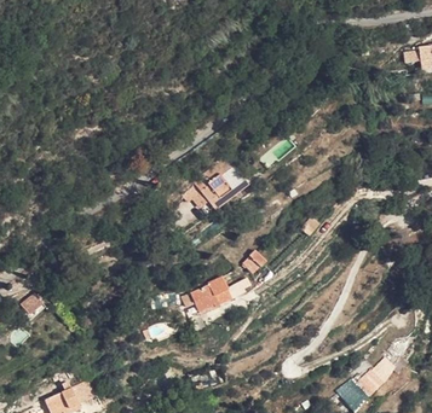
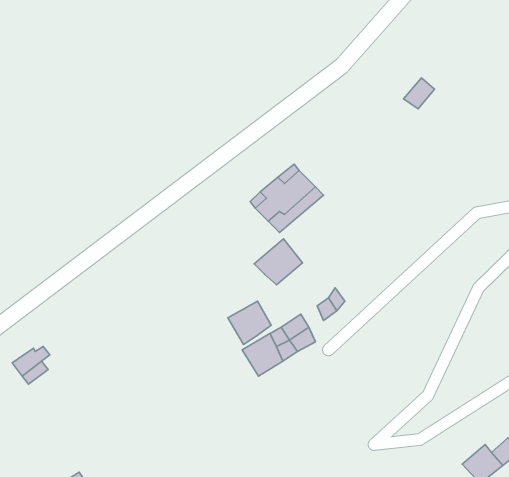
building: none -> [254,239,303,285]
building: none -> [228,301,271,345]

